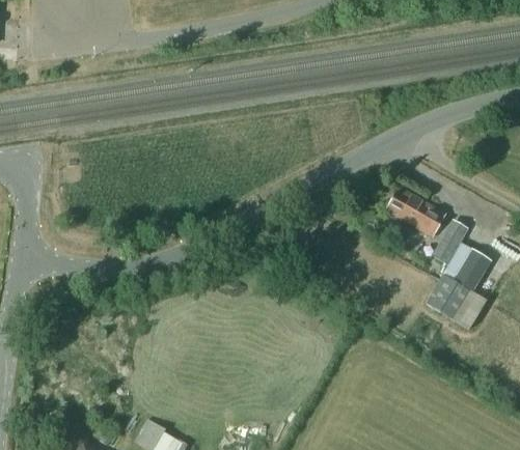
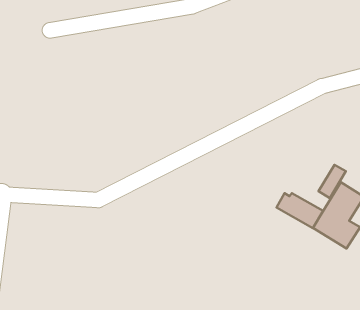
building: [385,192,445,237] -> [277,193,323,228]

